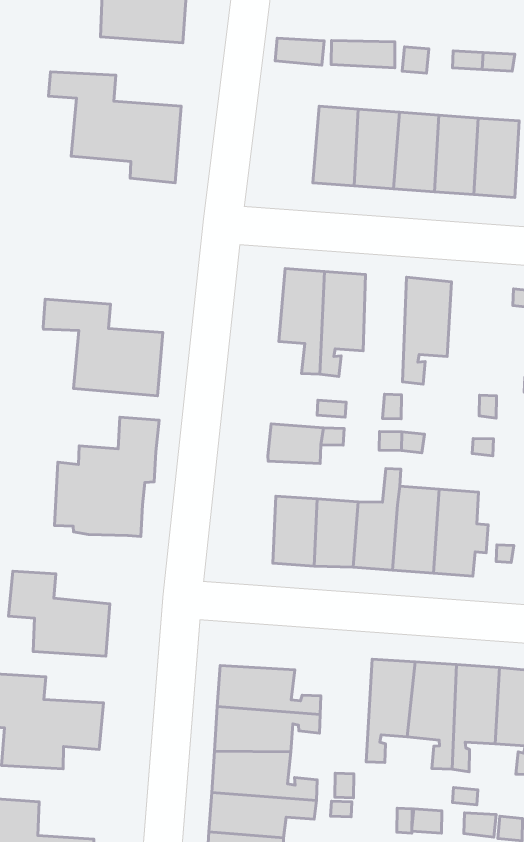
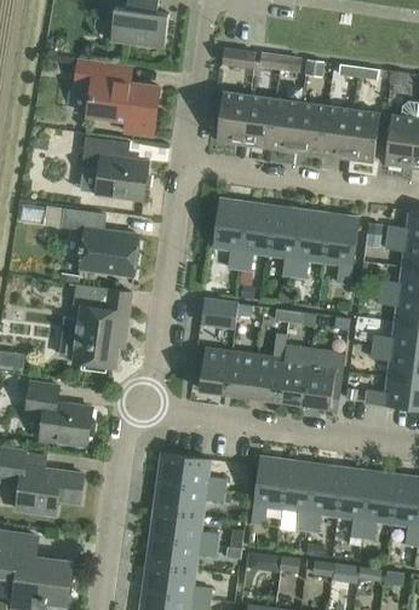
building: none -> [216,91,249,144]
building: none -> [81,137,148,200]
building: none -> [268,206,299,277]
building: none -> [322,214,357,284]

